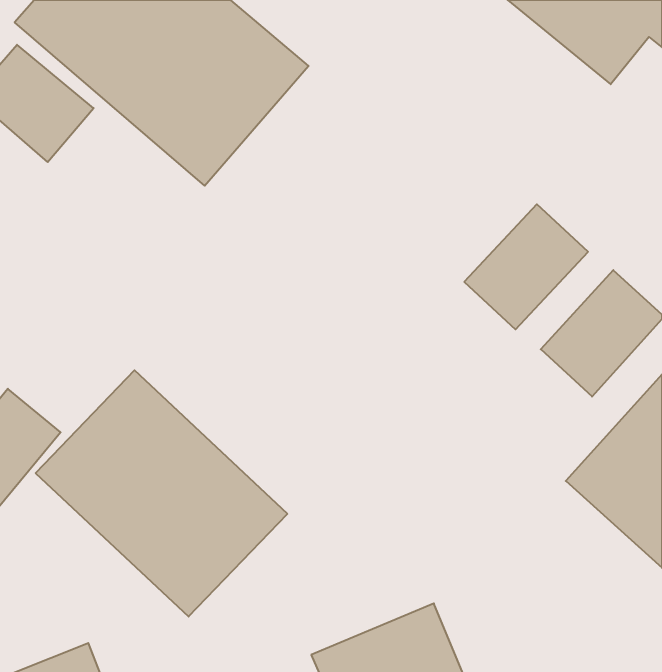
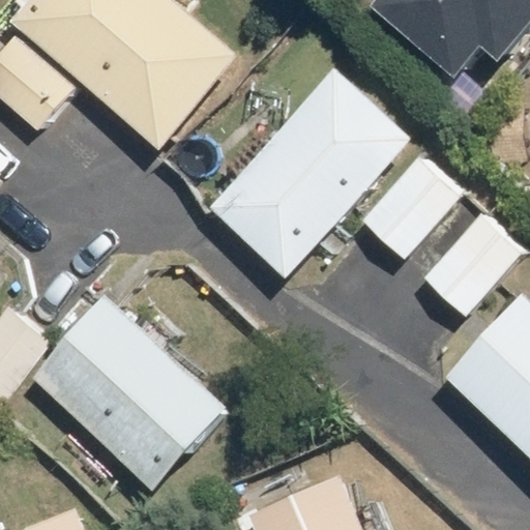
building: none -> [209,68,413,276]

